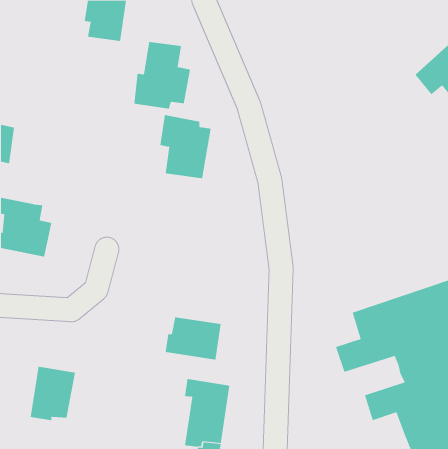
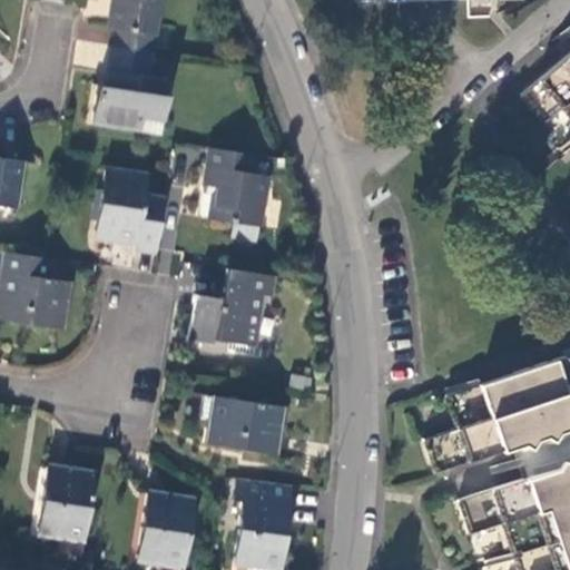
building: [133,41,191,109] -> [95,48,167,134]
building: none -> [97,175,167,253]
building: none -> [194,268,278,346]
building: none -> [138,491,195,559]

